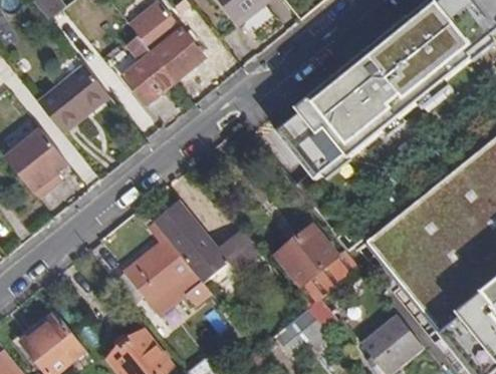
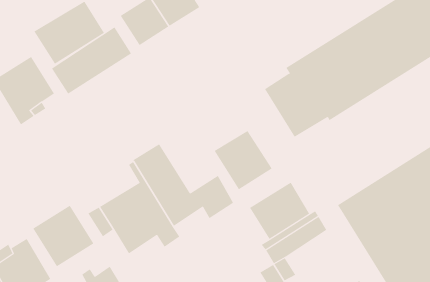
building: none -> [51,26,132,94]
building: none -> [214,130,273,190]
building: none -> [33,205,94,267]

